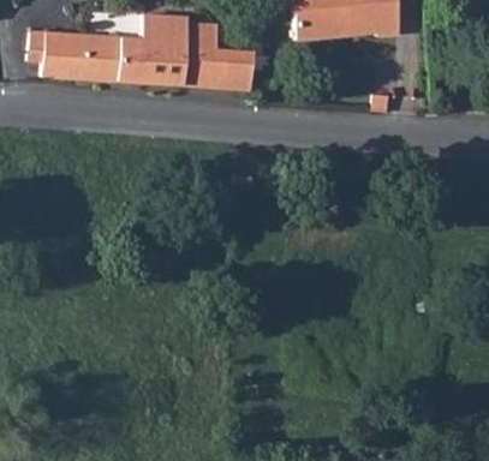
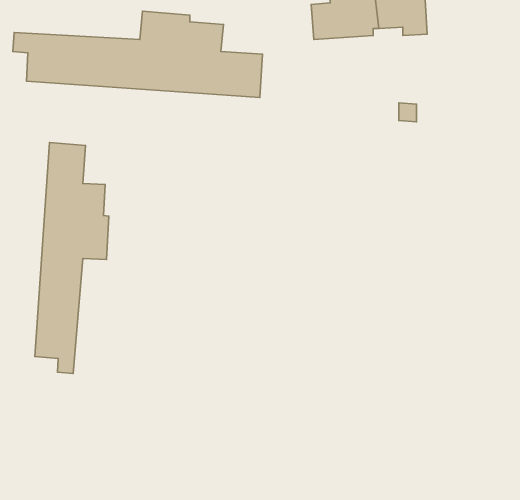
building: none -> [35,143,109,373]

